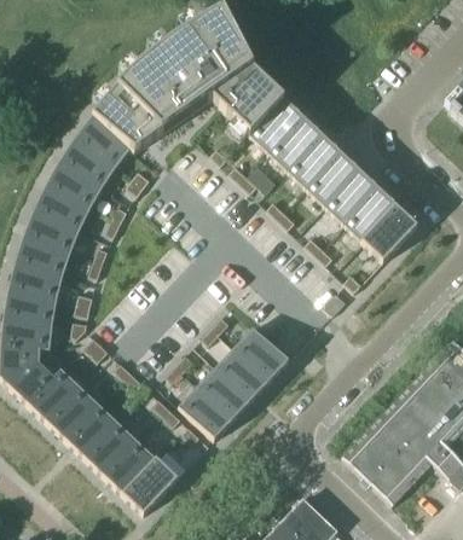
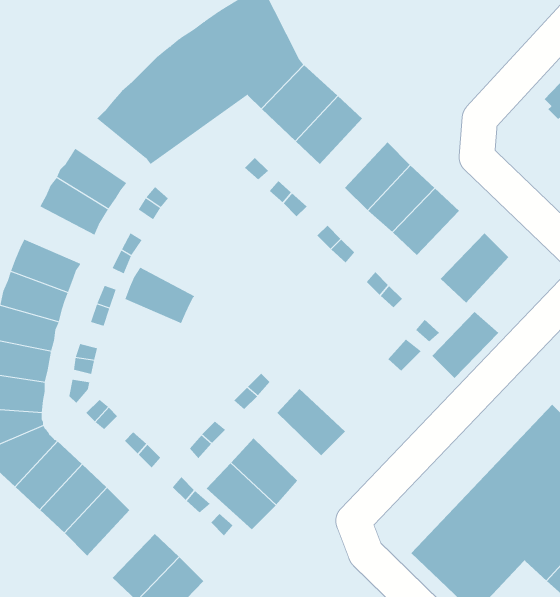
building: [77,116,133,167] -> none
building: [270,116,323,170] -> none
building: [37,185,93,230] -> [124,267,195,324]
building: [346,188,399,242] -> [431,311,499,379]
building: [218,347,271,400] -> none
building: [87,423,140,476] -> none

